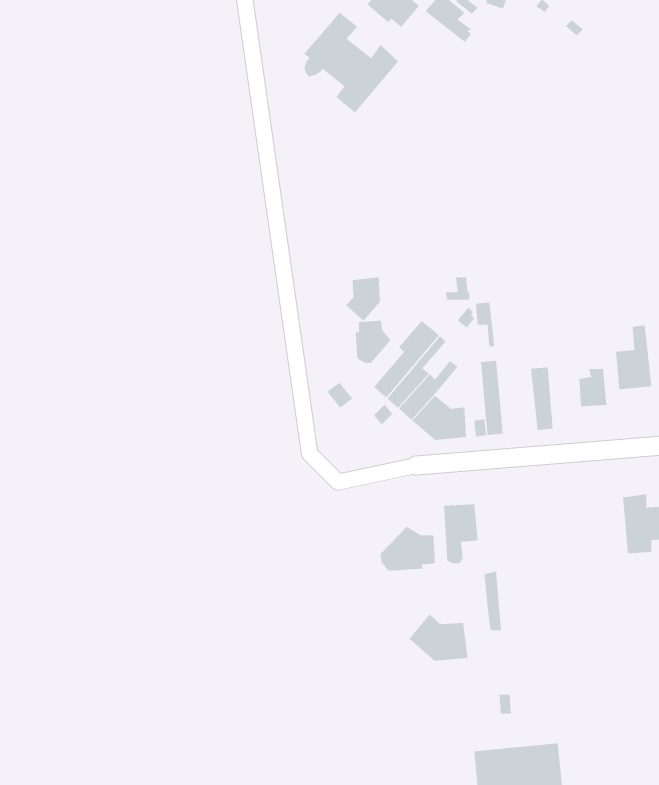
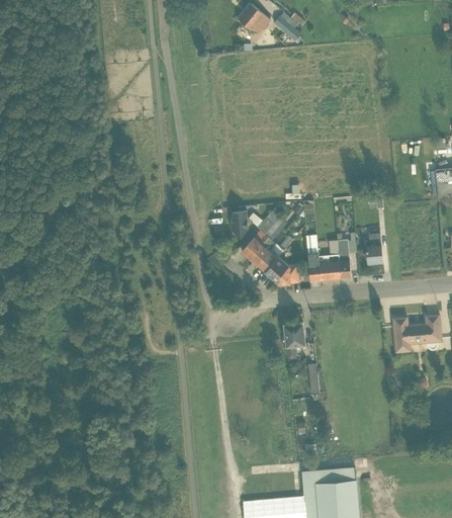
building: [303,12,399,113] -> none
building: [345,276,381,321] -> none
building: [615,325,652,390] -> [319,241,341,280]
building: [380,526,435,571] -> none
building: [409,614,468,661] -> none

